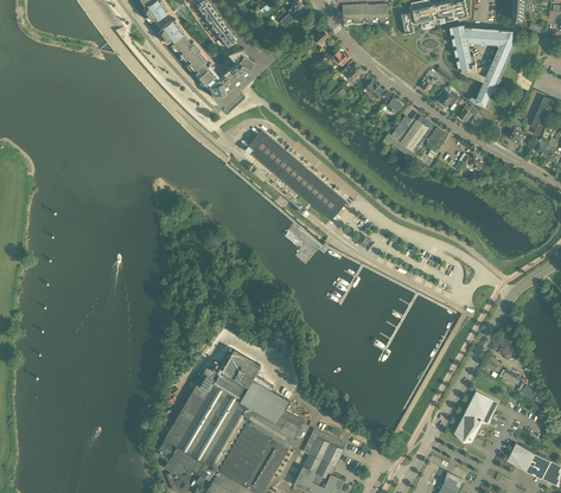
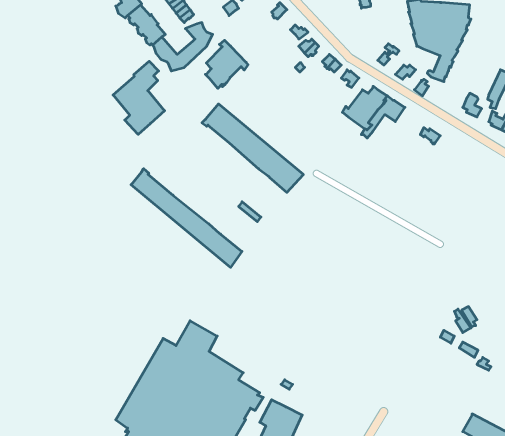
building: none -> [205,40,248,88]
building: none -> [113,61,165,134]
building: none -> [131,169,242,267]
building: [453,390,497,442] -> none

